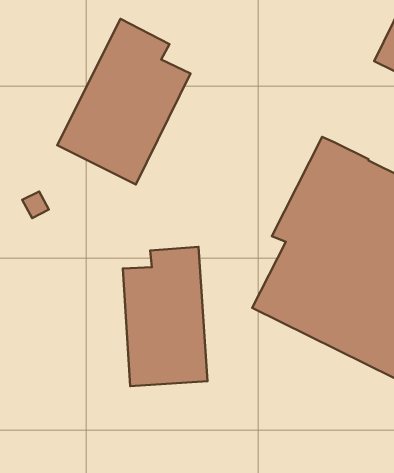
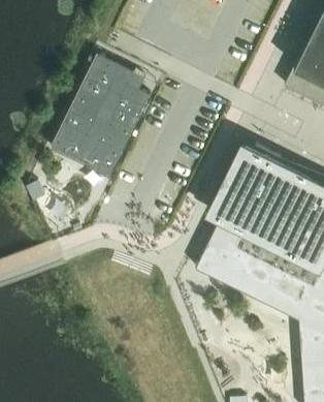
building: [123,247,207,386] -> none

